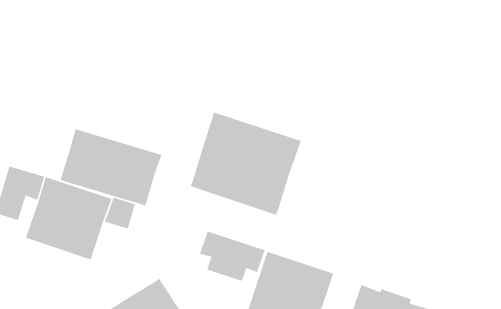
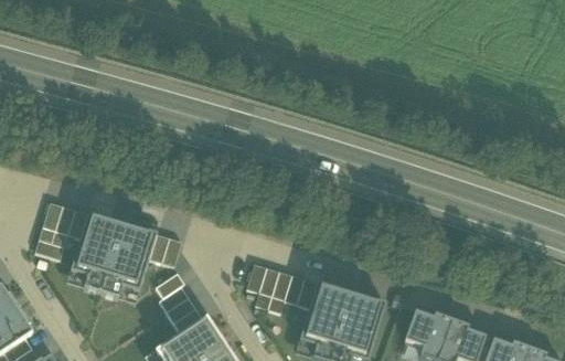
building: [189,112,302,216] -> none
building: [60,128,162,207] -> none
building: none -> [152,276,202,331]

